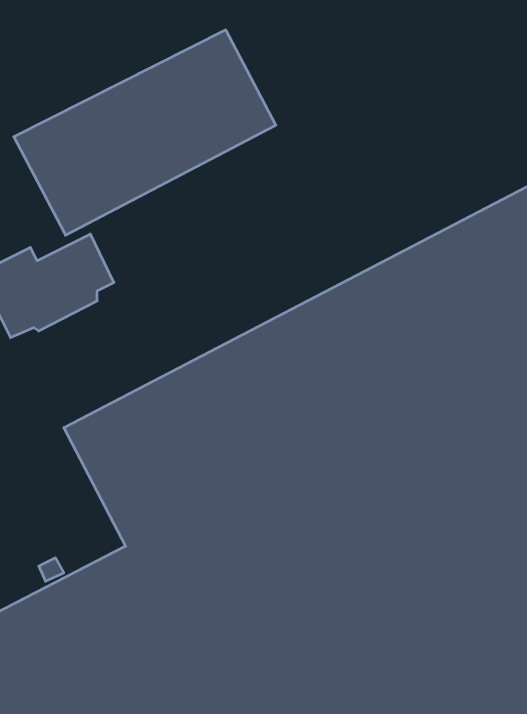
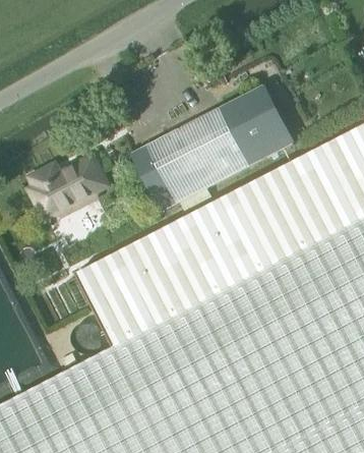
building: [14,30,276,235] -> [133,86,293,211]

